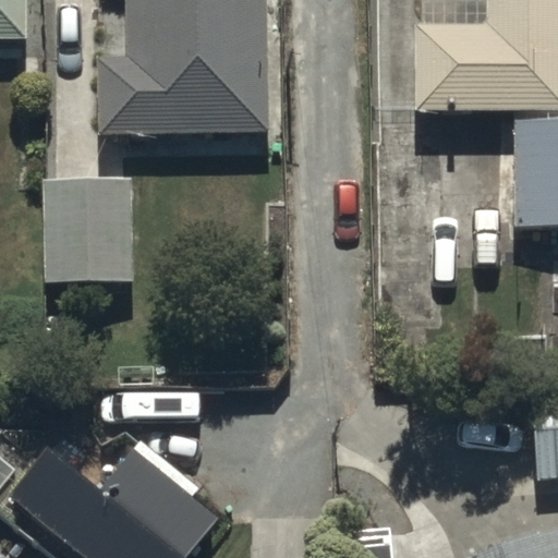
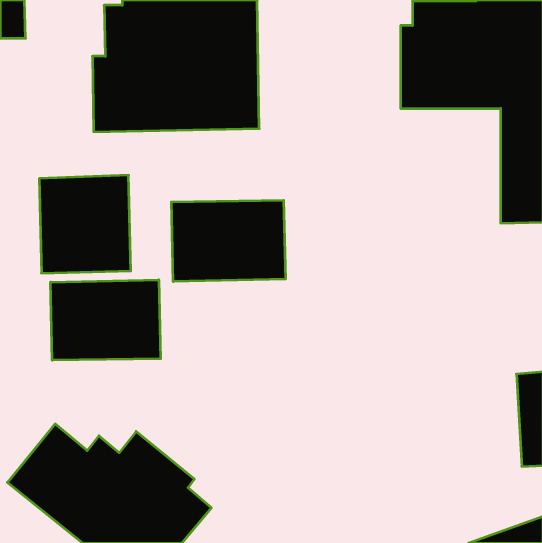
building: none -> [171,200,285,282]
building: none -> [51,280,161,360]

